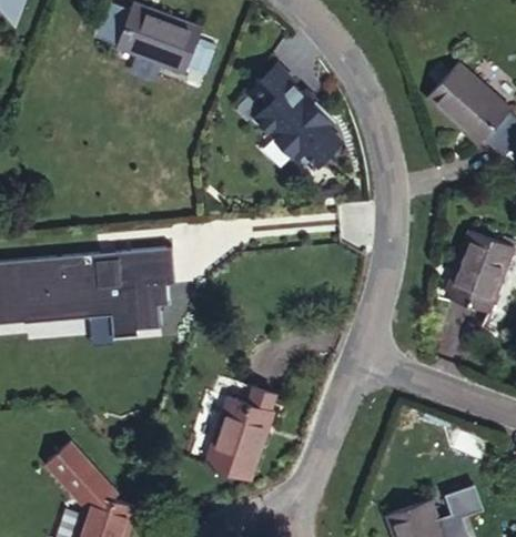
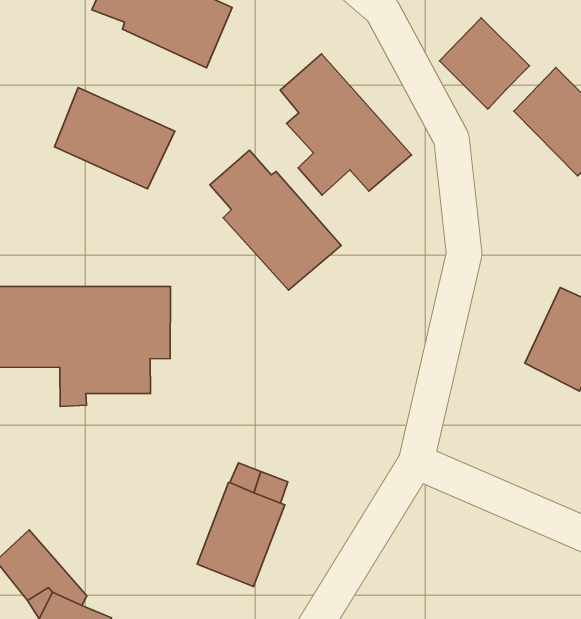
building: none -> [439,18,529,109]
building: none -> [55,88,175,189]
building: none -> [210,150,341,290]

